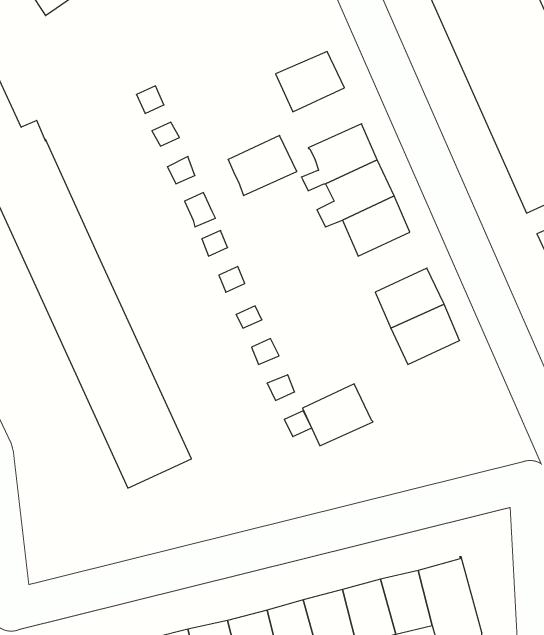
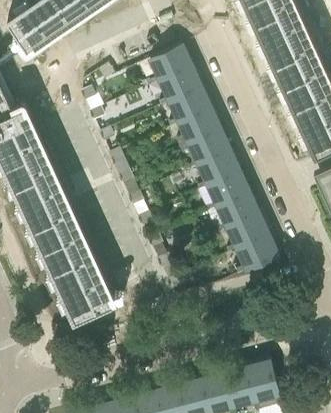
building: none -> [153,46,192,81]
building: [228,135,297,196] -> [172,89,212,124]
building: none -> [210,173,250,208]
building: [303,384,373,446] -> [239,236,280,272]

